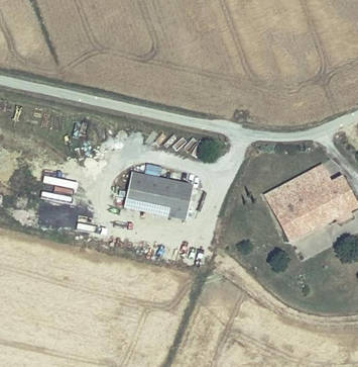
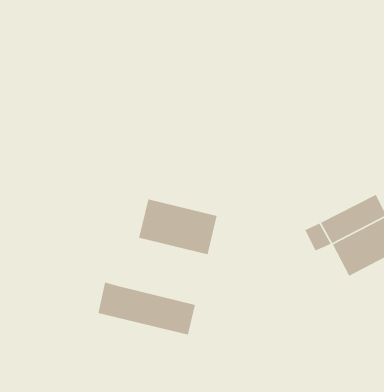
building: [273,207,302,242] -> none
building: none -> [97,281,196,336]

